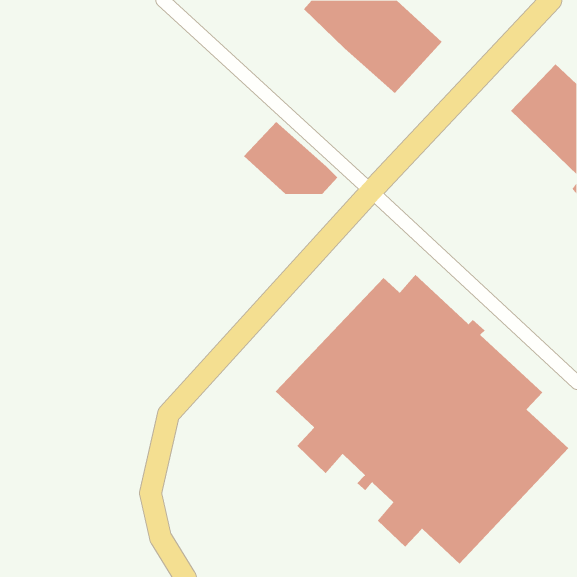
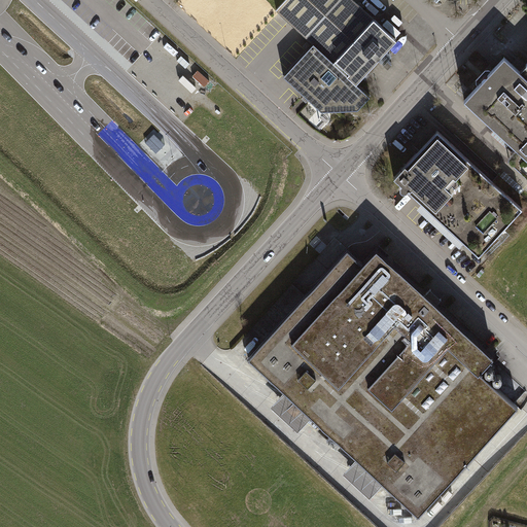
building: [243,121,338,195] -> [283,45,370,112]
building: none -> [393,132,521,268]

